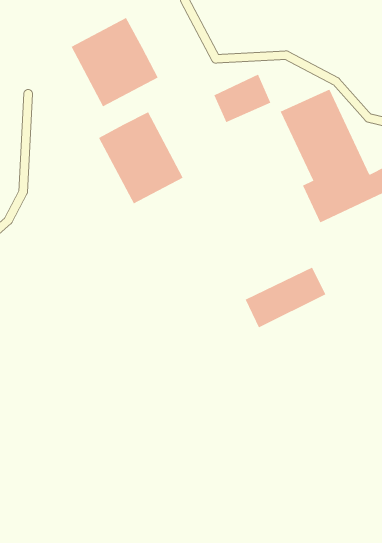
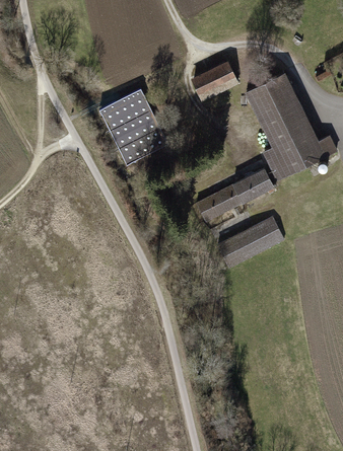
building: [71,17,158,107] -> none
building: none -> [196,167,273,221]

